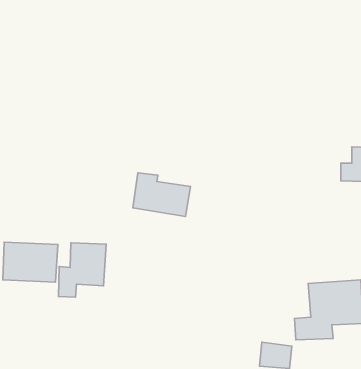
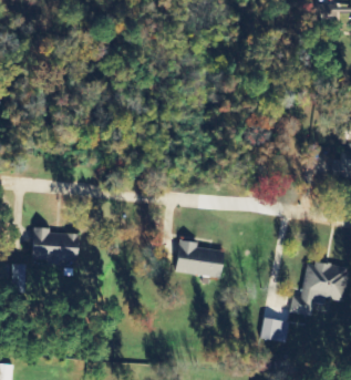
building: [133,173,190,217] -> [175,239,226,278]
building: [59,243,106,297] -> none

